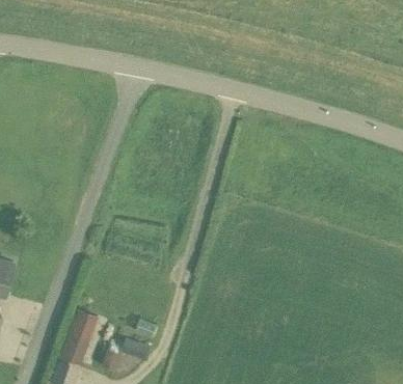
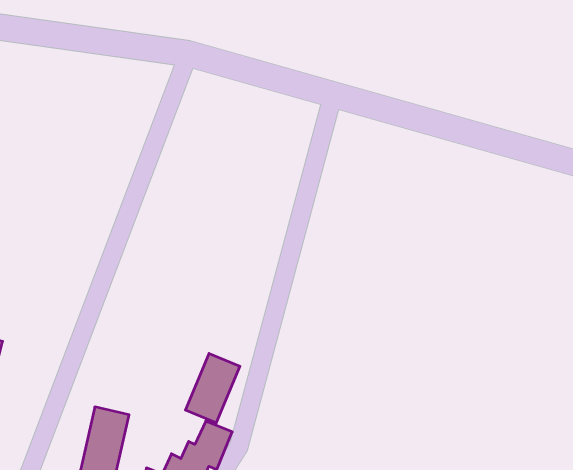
building: none -> [185,353,240,423]

